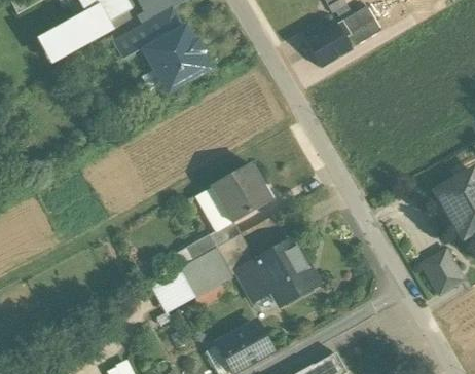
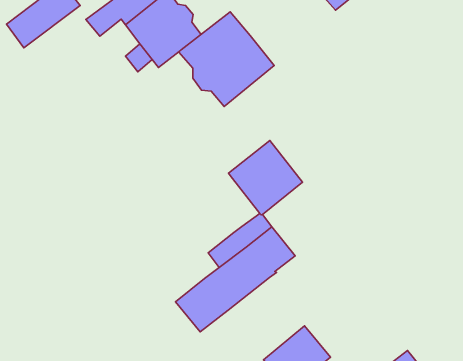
building: none -> [179,12,274,107]
building: [196,187,232,230] -> none
building: [238,240,317,303] -> none

